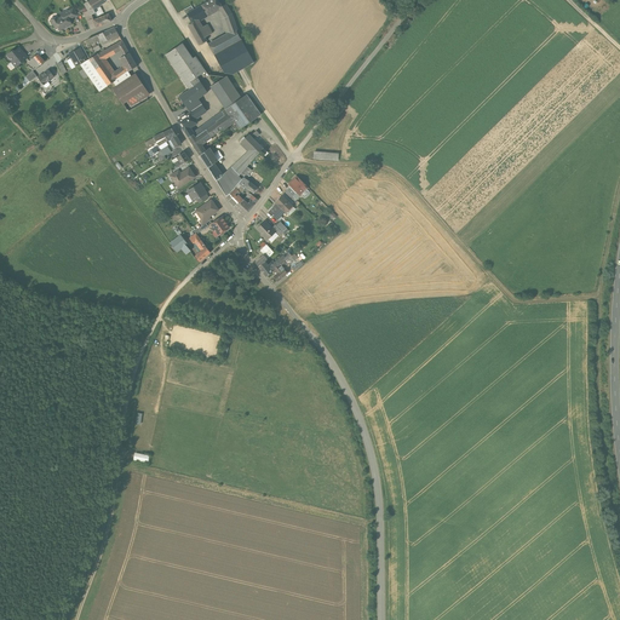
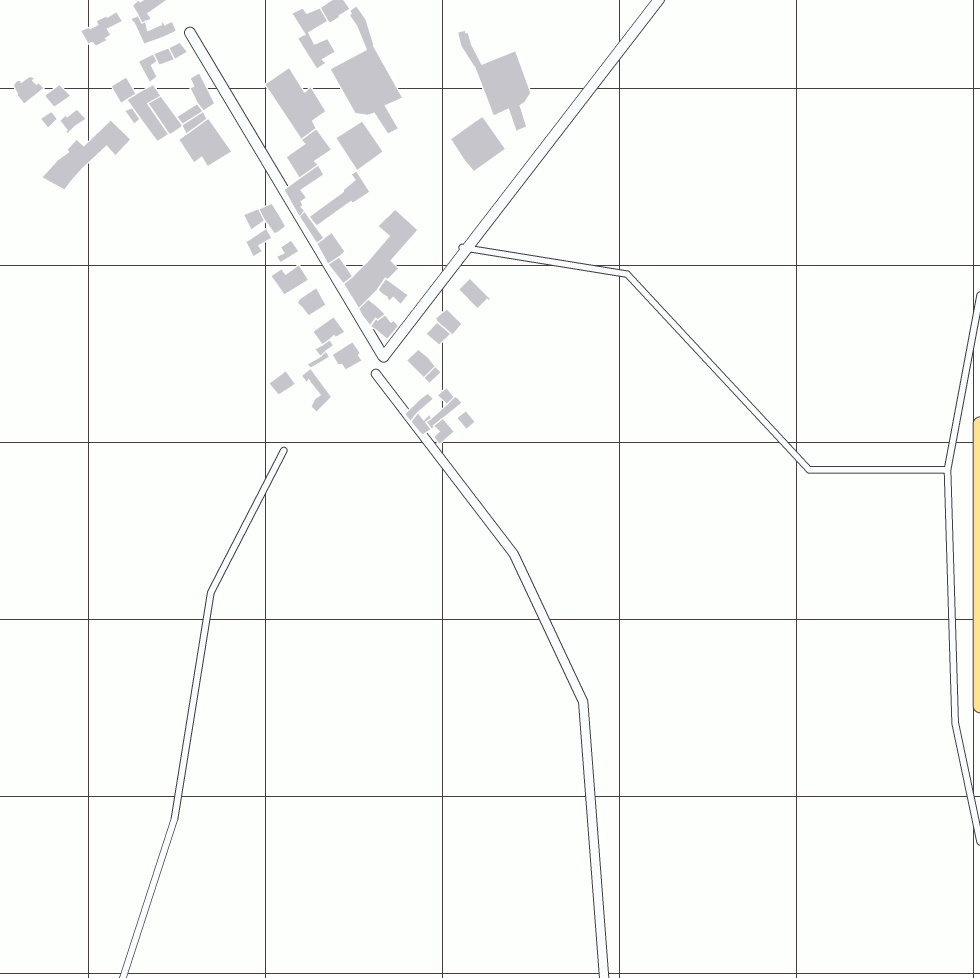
building: none -> [457,29,531,131]
building: none -> [41,120,131,190]
building: [225,93,260,128] -> [450,116,506,172]

